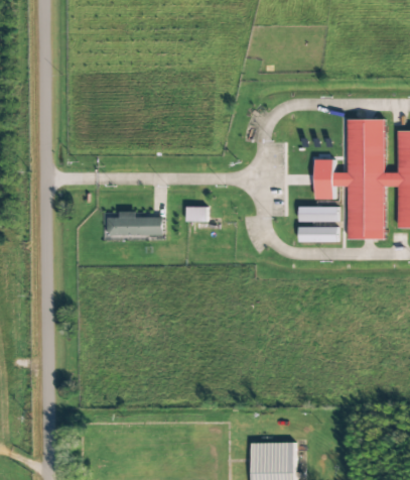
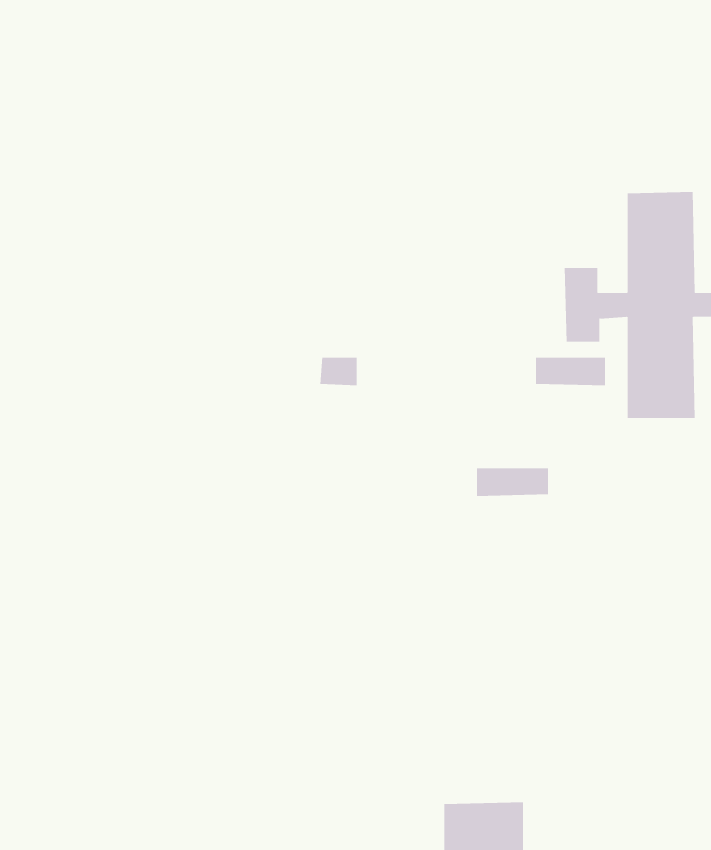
building: [108,211,163,235] -> none
building: [298,227,336,242] -> [476,468,549,497]

